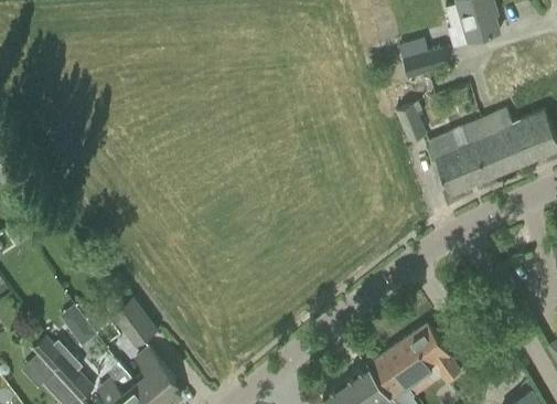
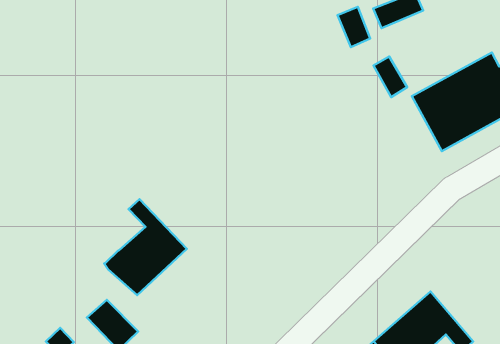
building: none -> [338,7,370,47]
building: none -> [104,199,187,295]

